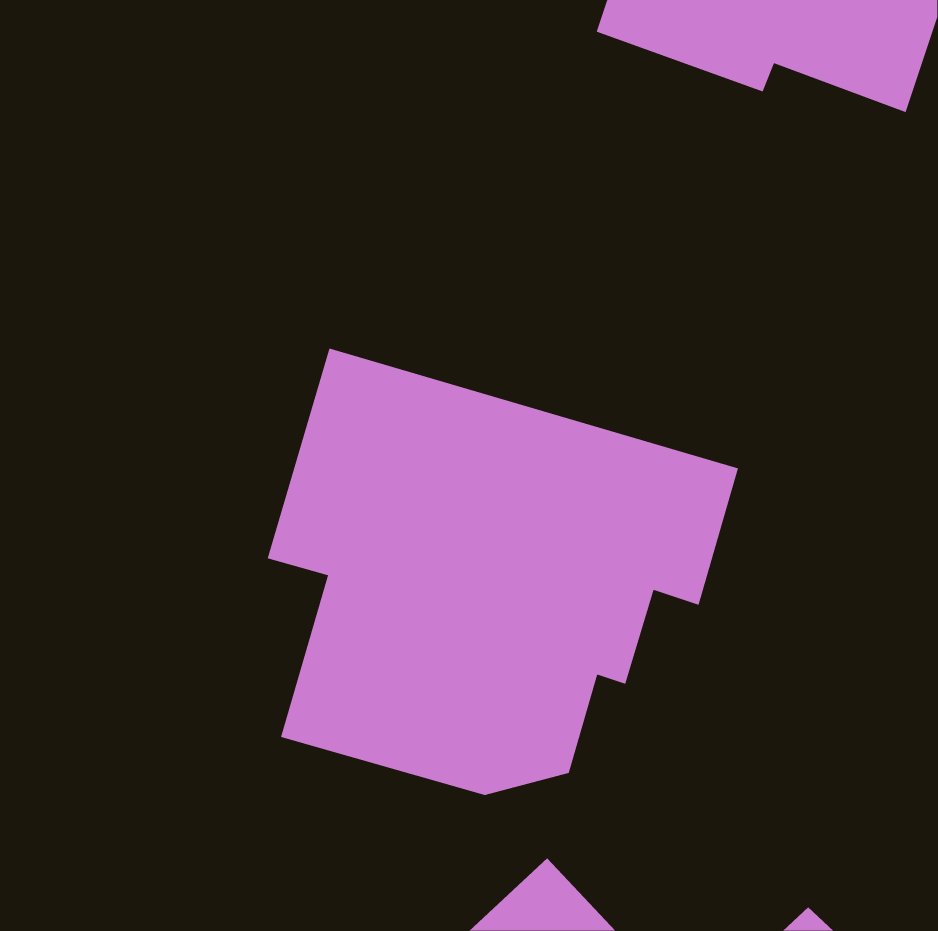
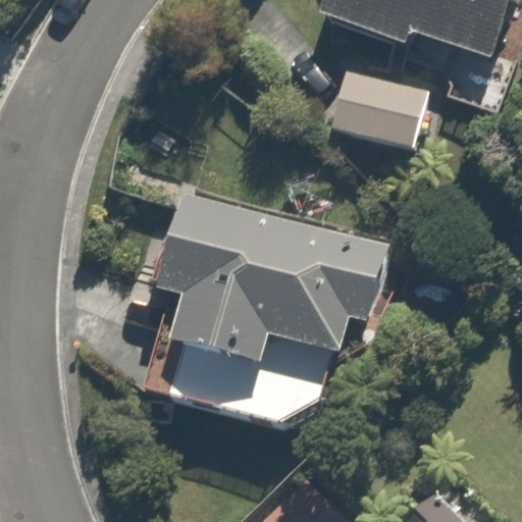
building: none -> [320,64,438,158]

